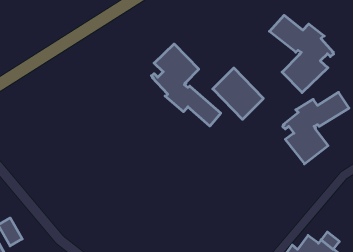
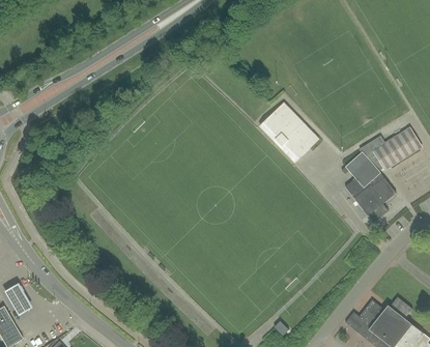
building: [269,15,334,93] -> none
building: [151,44,221,126] -> none

